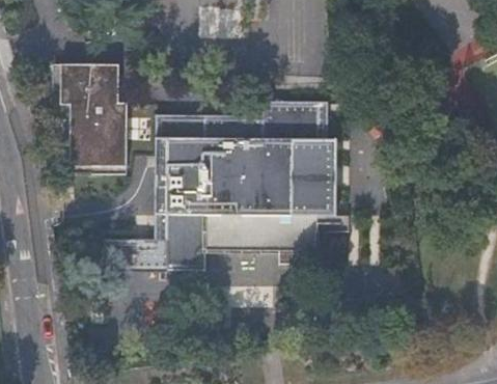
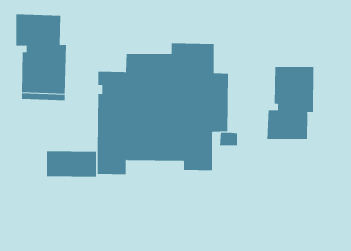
building: none -> [267,66,314,140]

